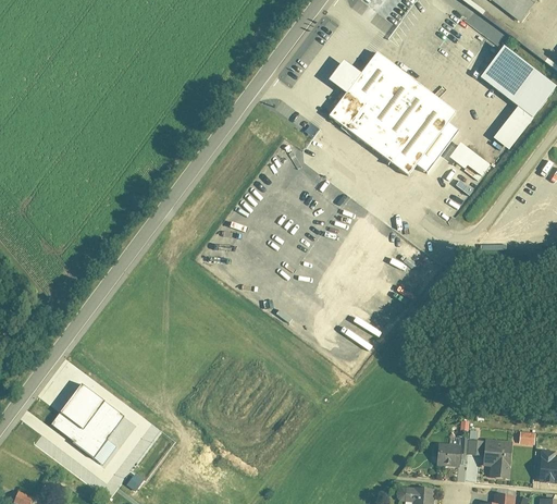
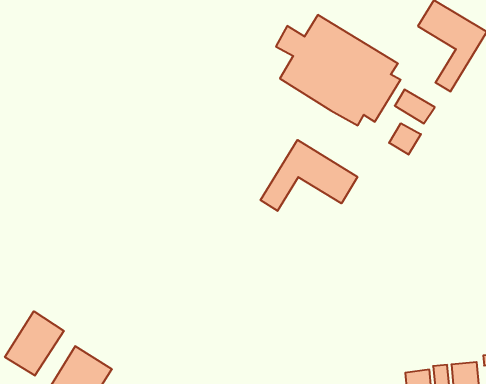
building: none -> [389,123,421,155]
building: none -> [261,140,357,211]
building: none -> [5,311,64,376]

